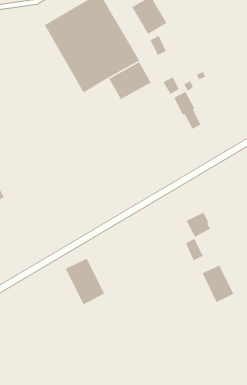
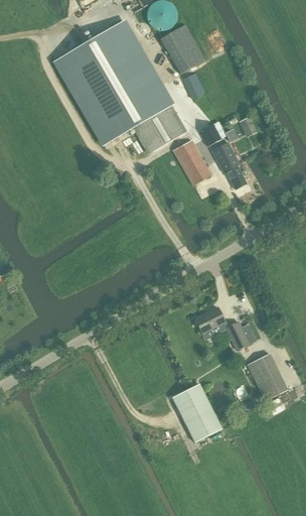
building: none -> [173,139,211,184]
building: [186,212,211,238] -> [195,306,226,339]
building: [65,258,105,306] -> [172,383,221,441]

